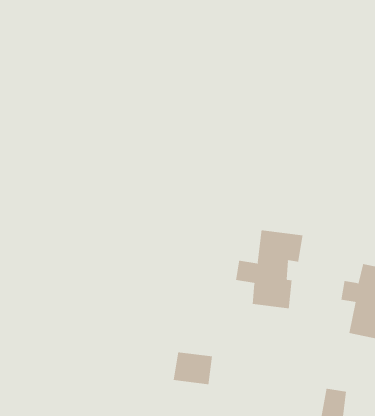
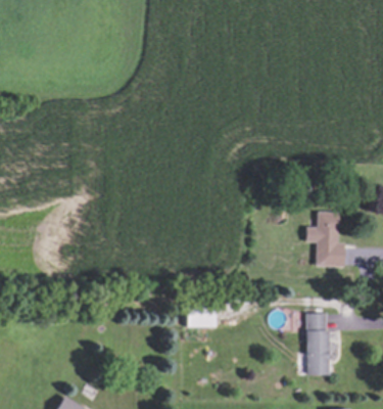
building: [236,229,303,309] -> none

